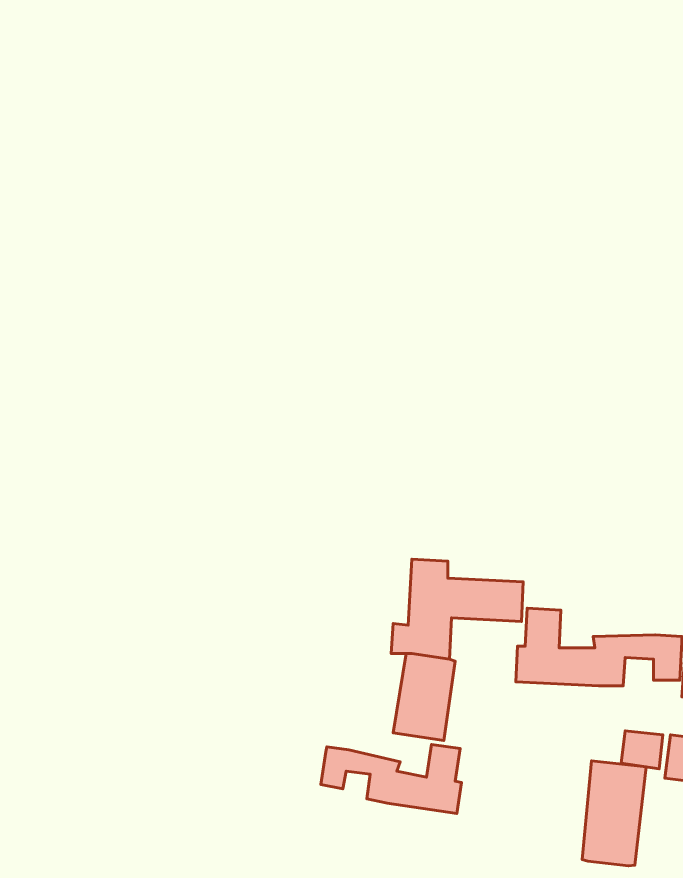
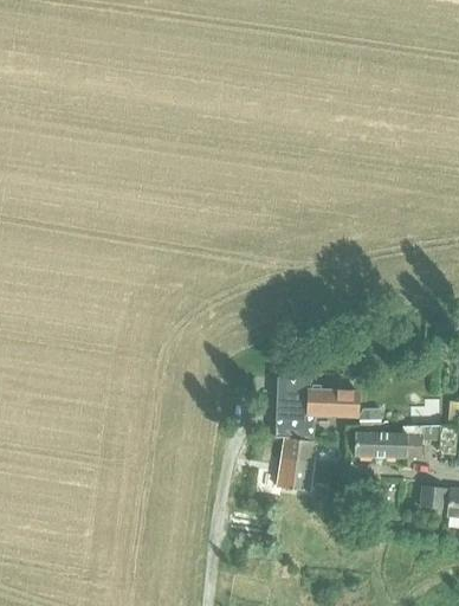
building: [321,744,461,814] -> none
building: [582,761,646,866] -> none

